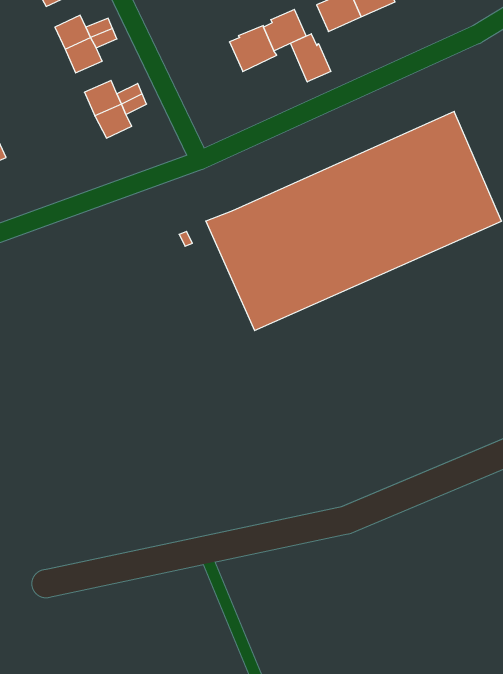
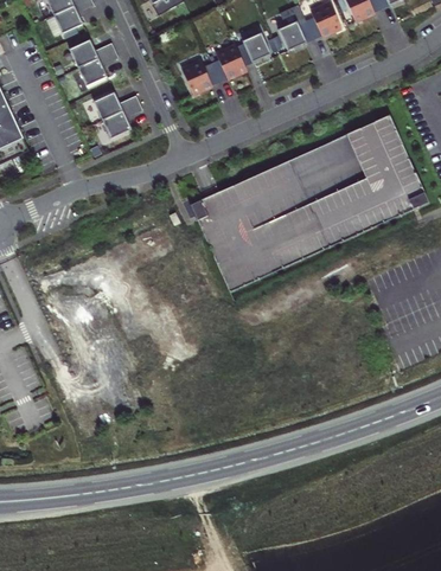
building: [290,34,331,82] -> none
building: none -> [181,59,219,95]

